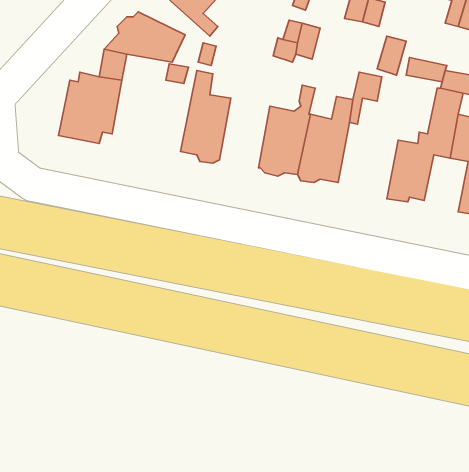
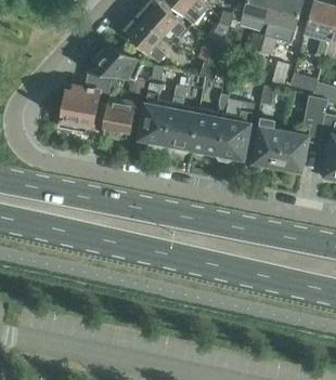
building: none -> [165,86,198,152]
building: none -> [101,100,135,140]
building: none -> [253,119,284,170]

